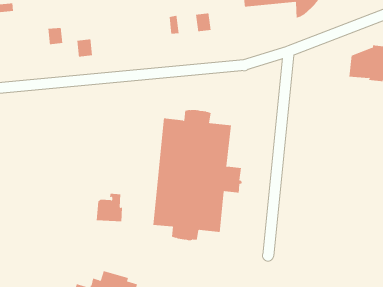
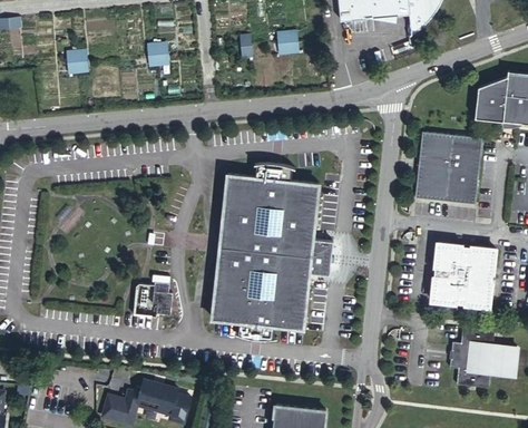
building: [77,39,93,57] -> [148,42,170,67]
building: none -> [418,133,483,203]
building: none -> [434,241,497,305]
building: none -> [449,325,517,387]

